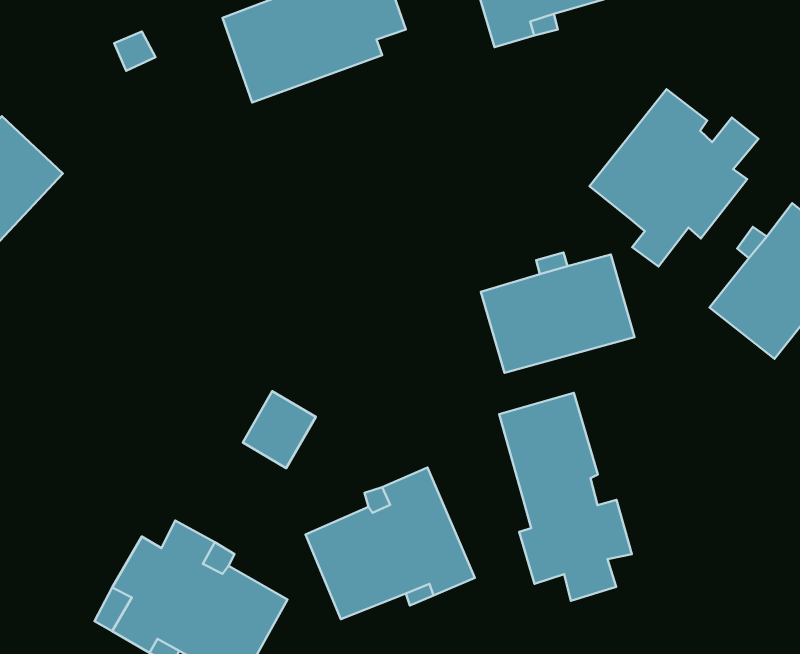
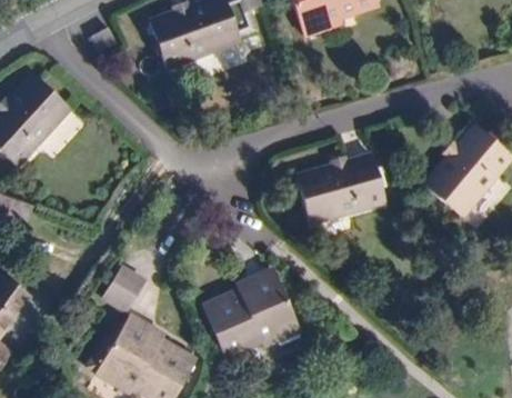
building: [590,89,758,267] -> none
building: [243,391,316,468] -> [109,259,150,302]
building: [499,393,632,601] -> none

